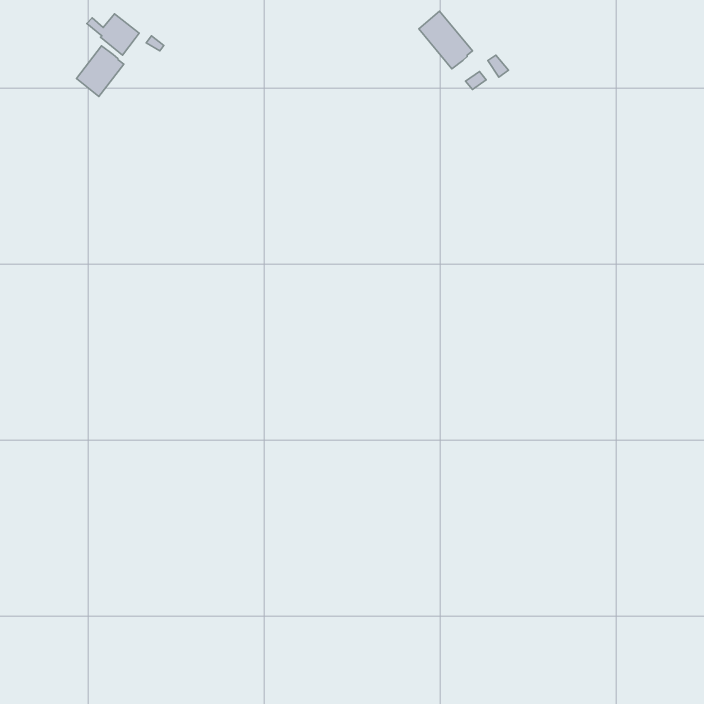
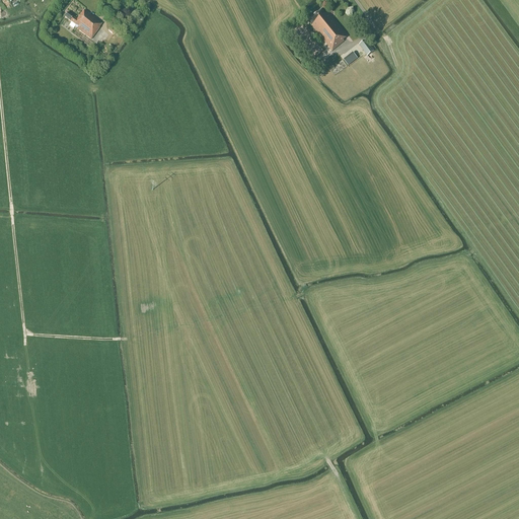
building: [76,46,124,96] -> none

